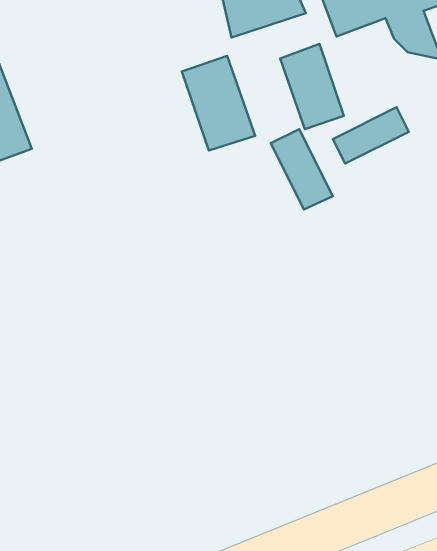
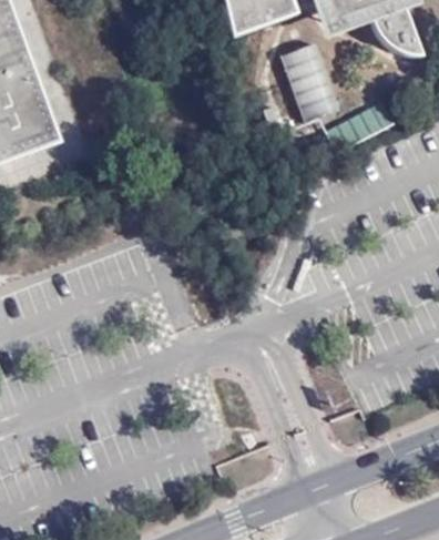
building: [182,56,255,150] -> none
building: [271,129,333,209] -> none

